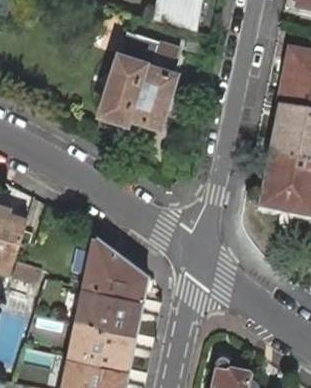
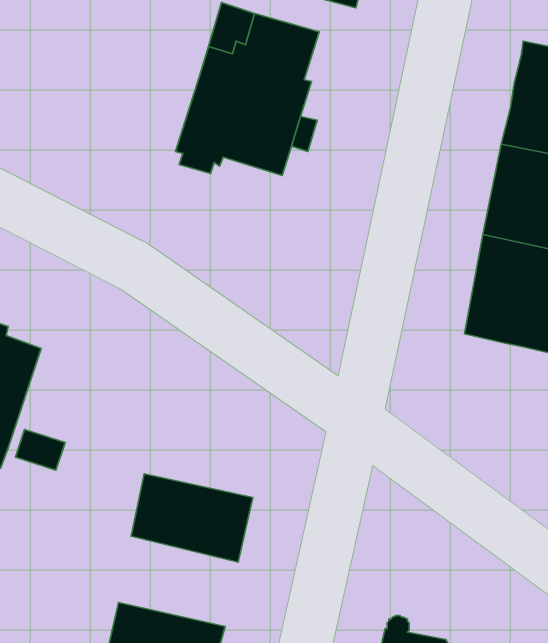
building: [84,234,148,299] -> none
building: [70,320,135,369] -> none

